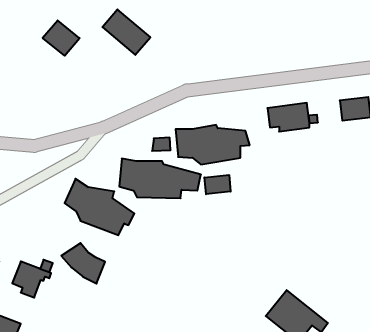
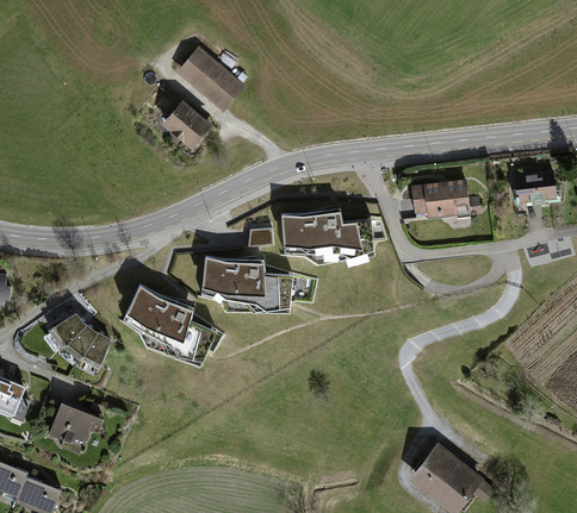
building: [43,20,80,56] -> [160,100,212,150]
building: [204,175,231,194] -> none
building: [61,243,105,284] -> [49,312,111,369]

